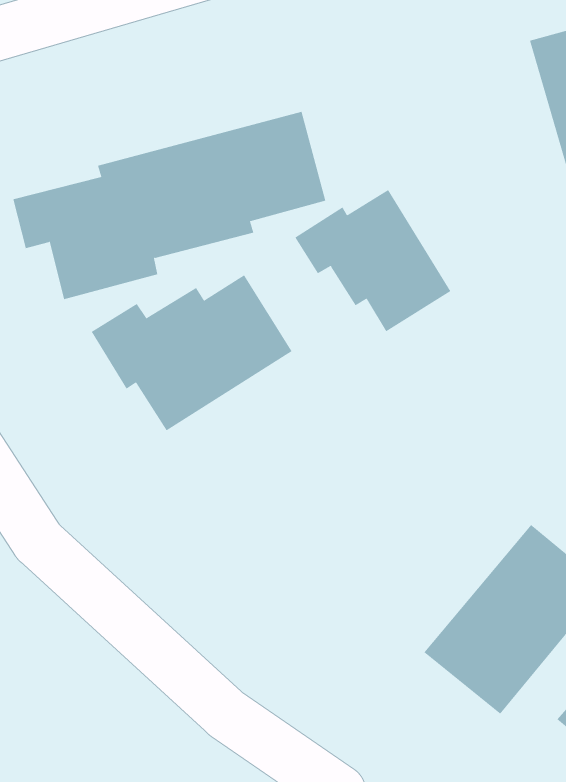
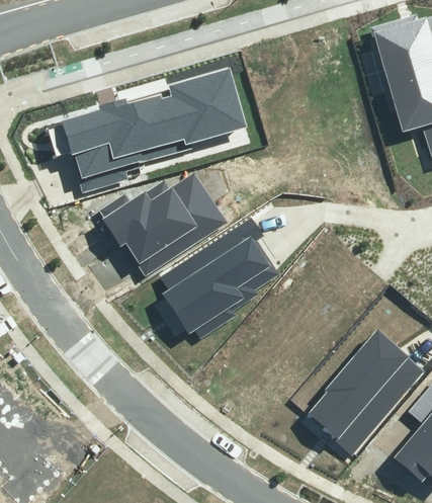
building: [295,189,451,332] -> none
building: none -> [159,219,277,335]

